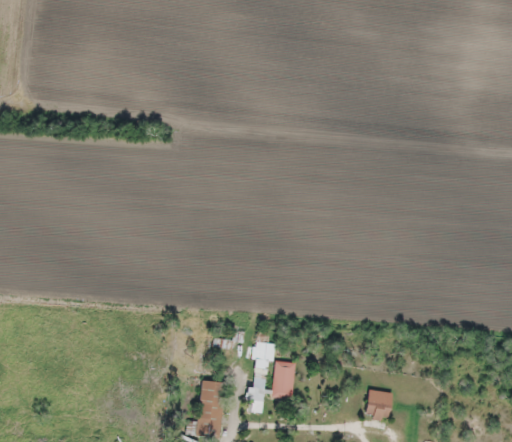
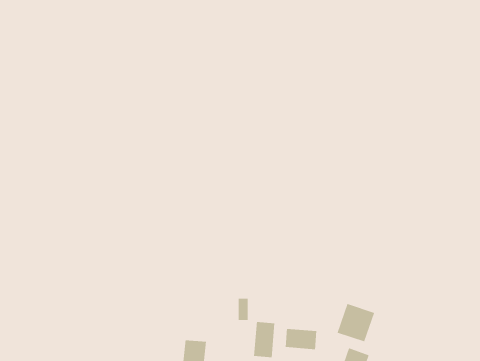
building: none -> [337,303,375,342]
building: none -> [285,328,317,350]

